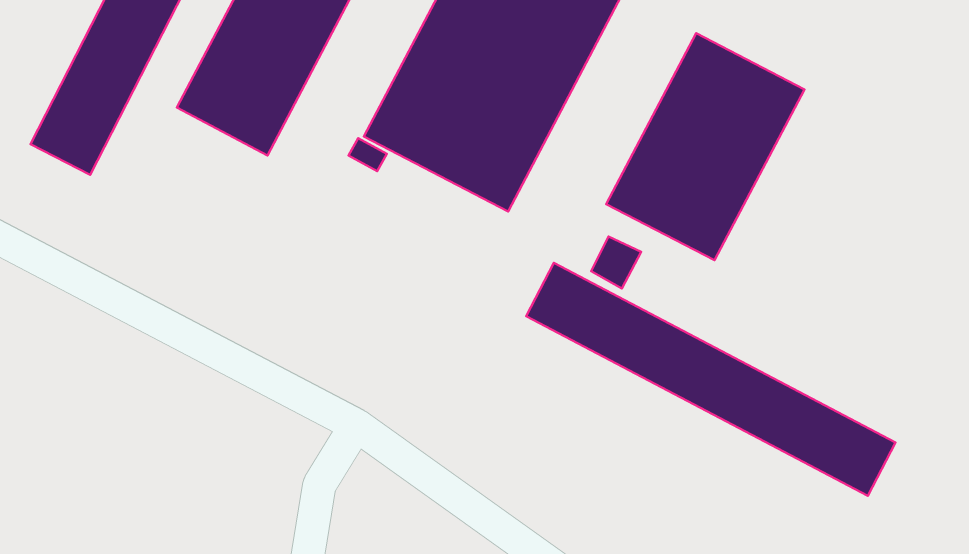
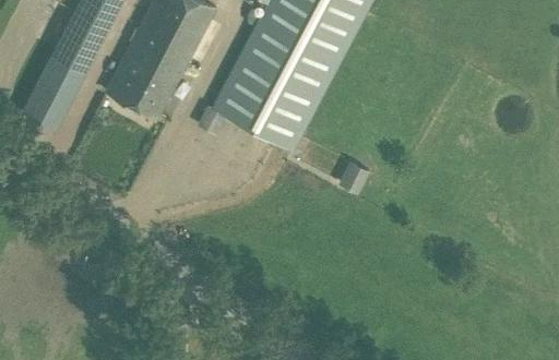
building: [606,33,804,260] -> none
building: [526,263,895,496] -> none

